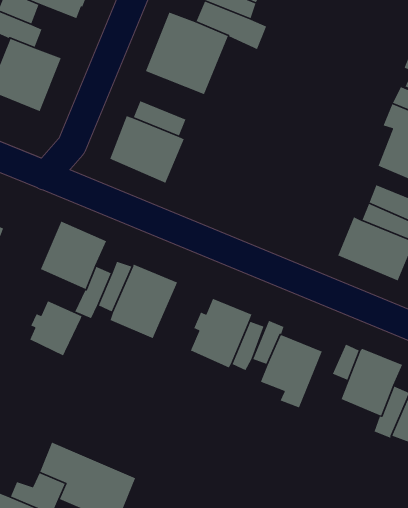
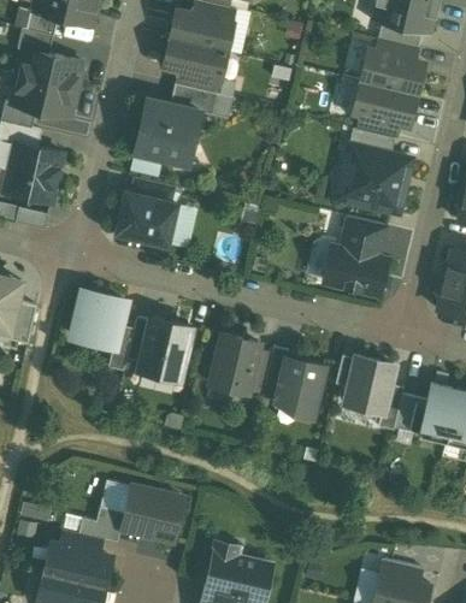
building: [29,300,82,356] -> none

